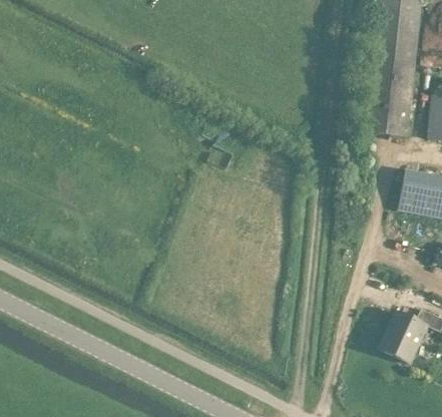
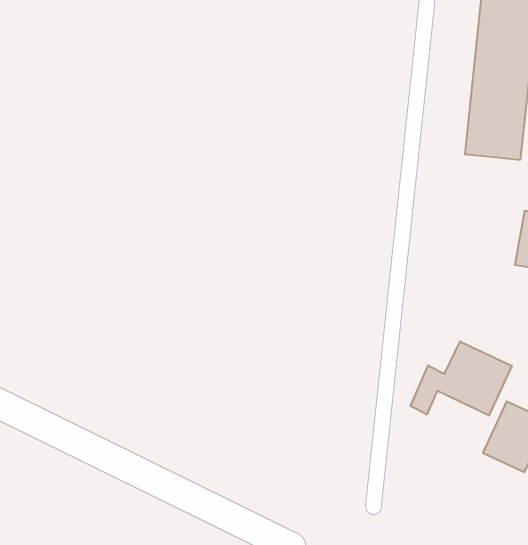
building: none -> [410,341,512,415]

